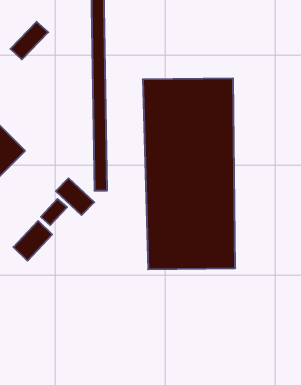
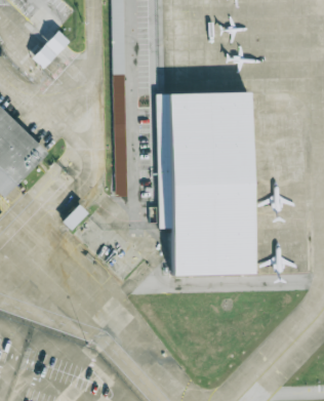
building: [56,178,94,215] -> none
building: [13,221,52,261] -> none

